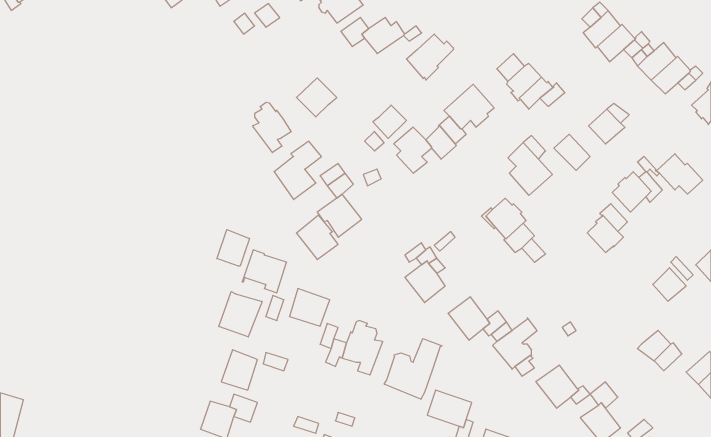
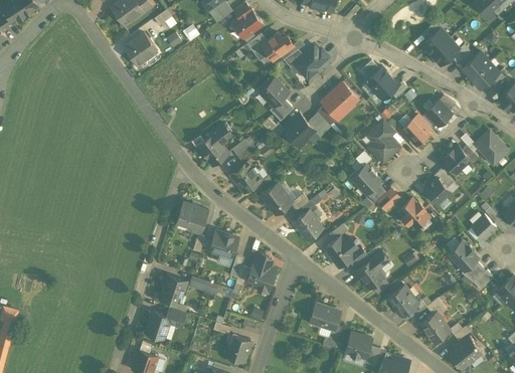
building: none -> [124,33,157,66]
building: [296,78,337,117] -> [260,78,289,107]
building: [253,102,291,153] -> none
building: [296,215,338,260] -> [261,184,291,216]
building: [217,230,249,266] -> none
building: none -> [399,198,428,228]
building: [219,292,262,337] -> none
building: none -> [449,241,478,270]
building: [384,339,442,399] -> none

